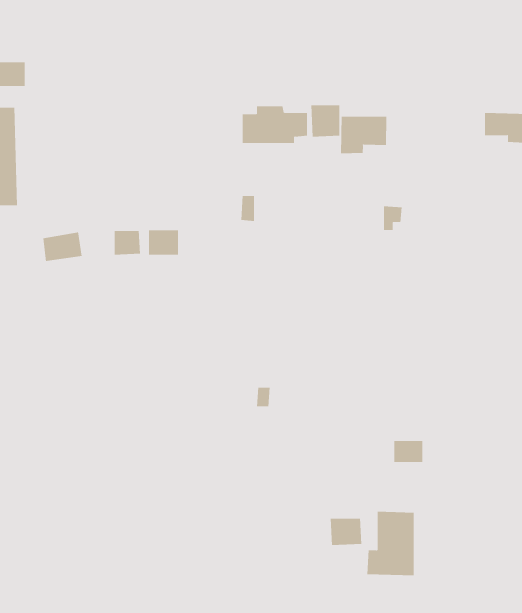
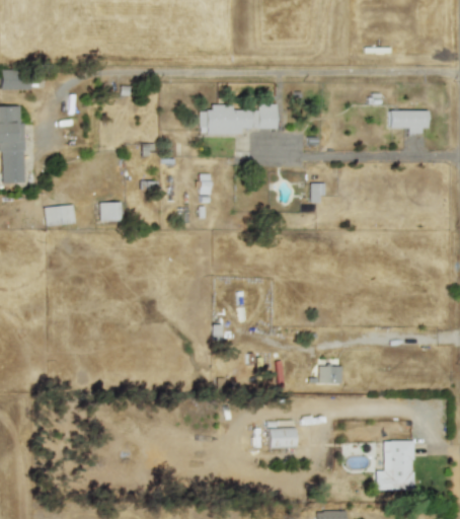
building: [340,116,387,154] -> none
building: [149,229,178,256] -> none
building: [366,511,414,576] -> [376,440,413,491]

